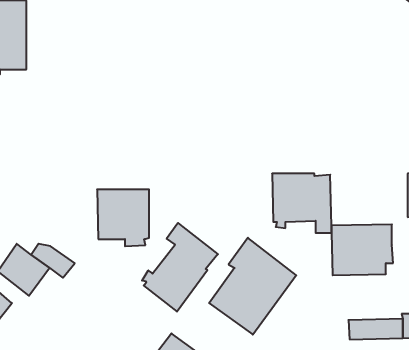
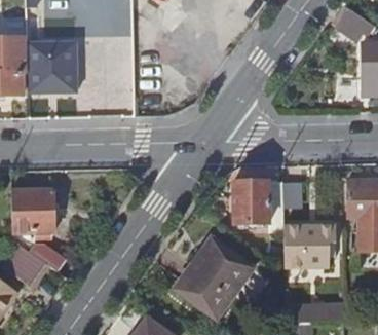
building: none -> [25,42,73,102]
building: [97,189,149,246] -> [9,190,53,238]
building: [142,223,218,312] -> none

